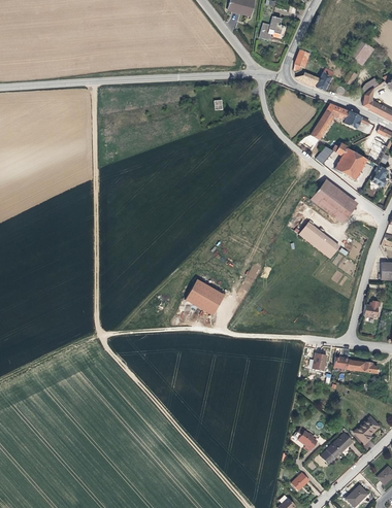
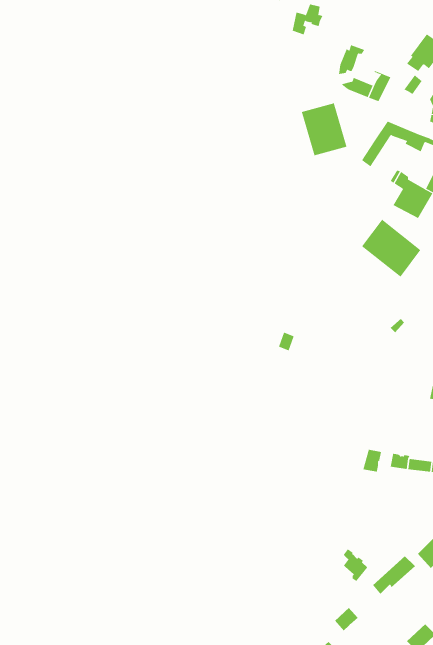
building: none -> [301,103,347,156]
building: [300,222,339,257] -> none
building: [186,278,224,314] -> none

